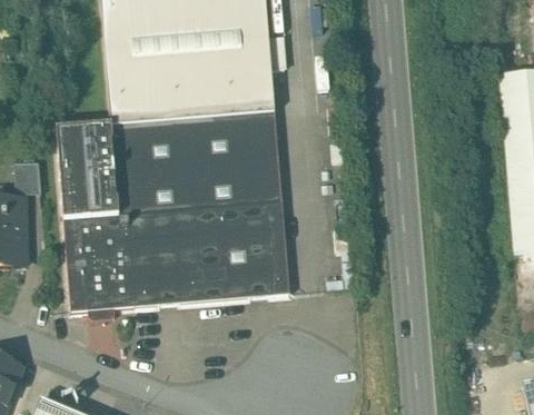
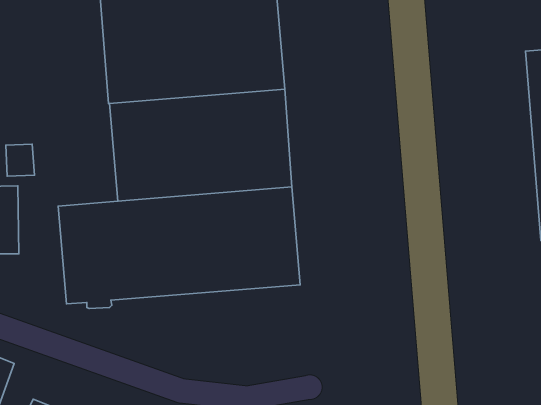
building: [57,123,119,219] -> none

